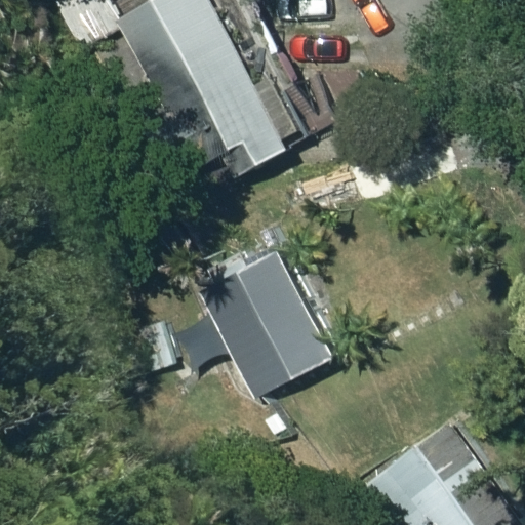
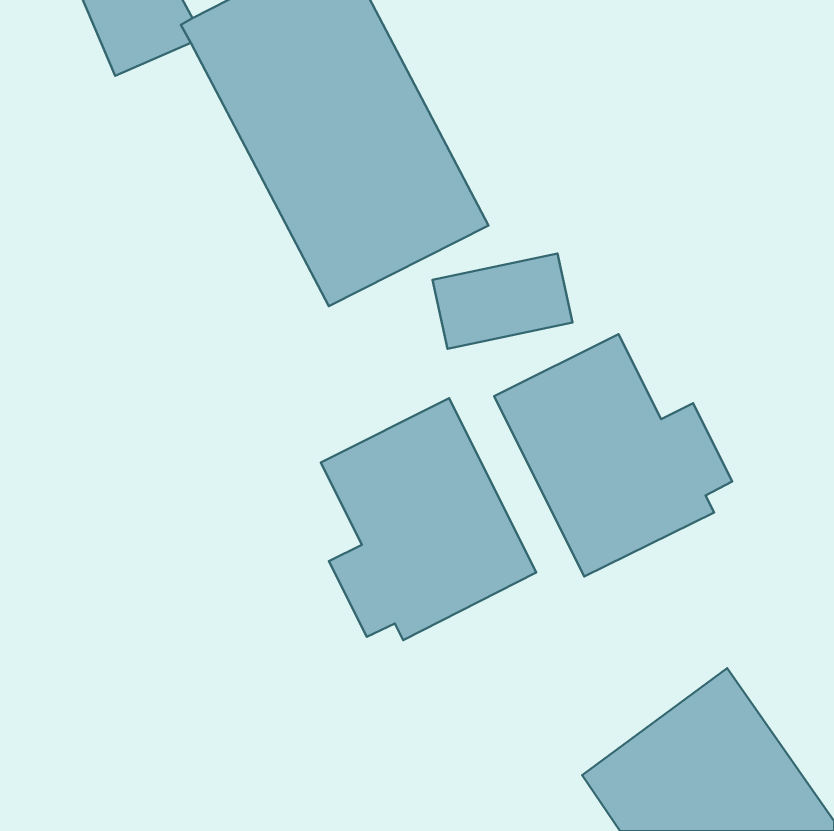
building: none -> [494,334,732,577]

